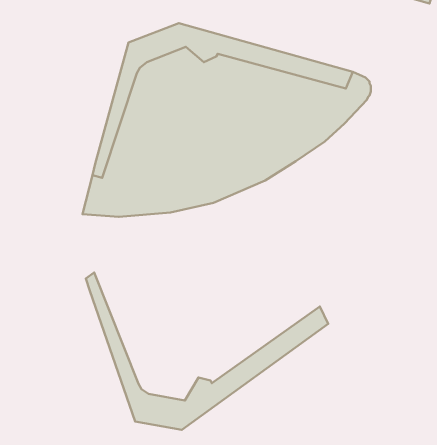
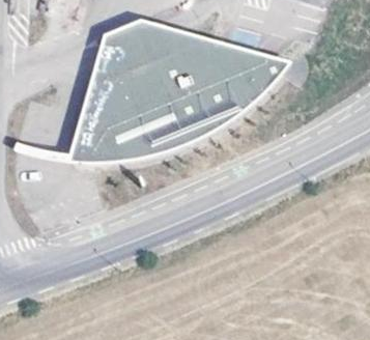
building: [86,273,328,430] -> none

